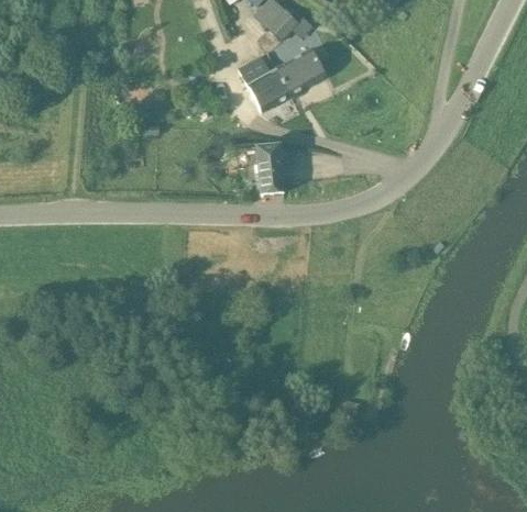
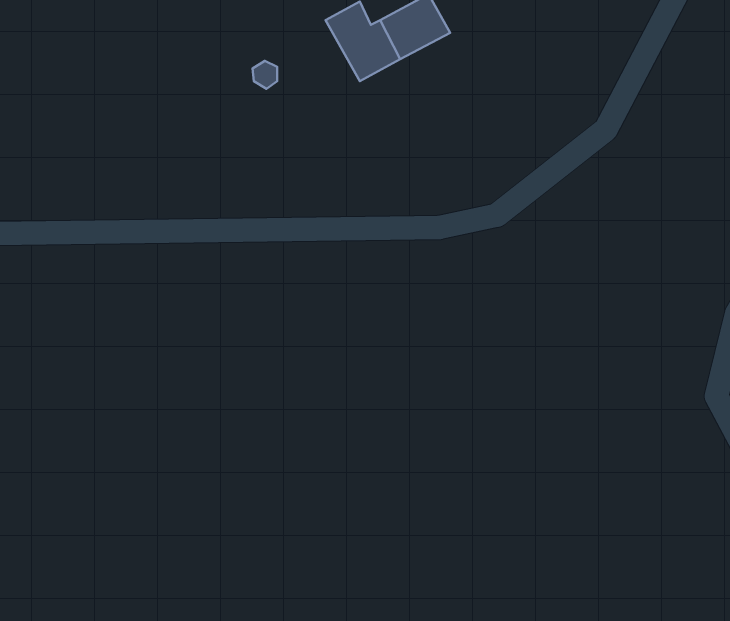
building: [256,142,284,191] -> none

